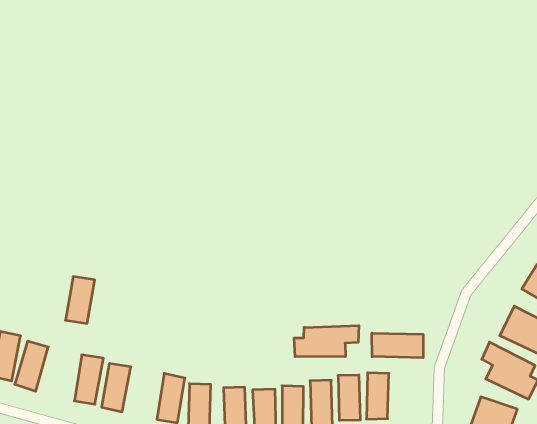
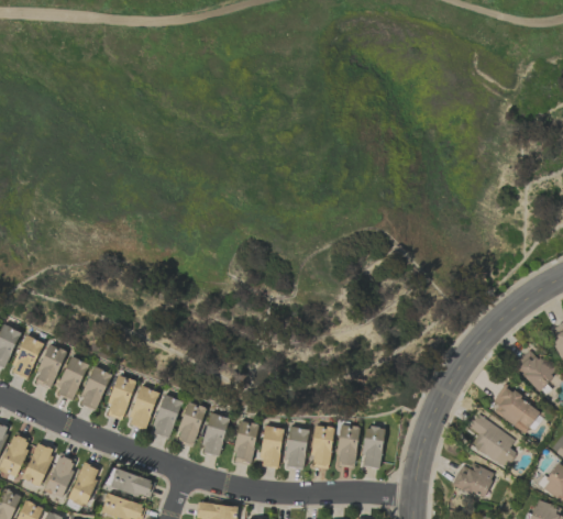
building: [65,277,95,323] -> [79,367,110,410]
building: [294,326,359,357] -> none
building: [372,333,423,358] -> none
building: none -> [151,395,181,439]

